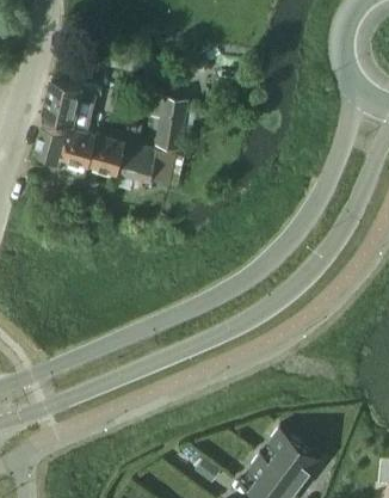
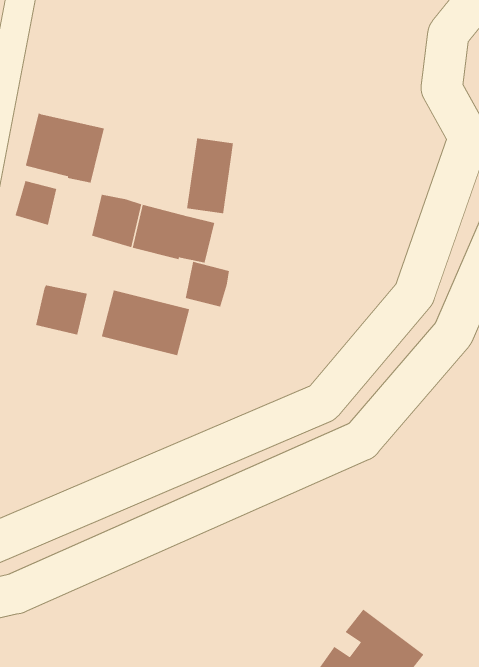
building: [58,133,95,168] -> [35,285,88,336]
building: none -> [185,261,230,308]
building: none -> [101,290,190,356]

